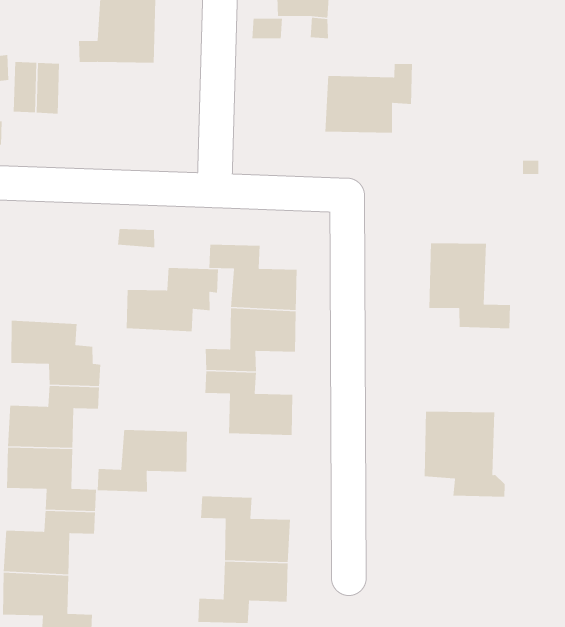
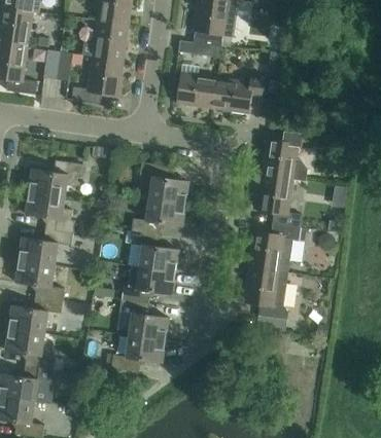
building: none -> [71,57,123,105]
building: none -> [175,73,216,109]
building: none -> [262,132,313,182]
building: [126,267,219,332] -> [28,160,82,197]
building: none -> [248,224,305,272]
building: [97,429,188,492] -> [120,267,174,303]

